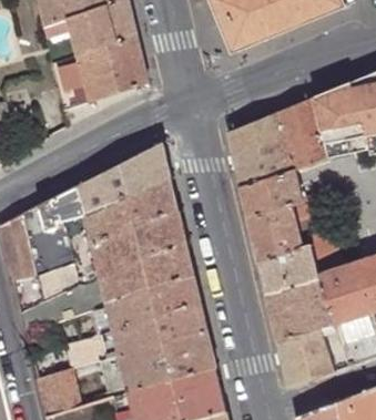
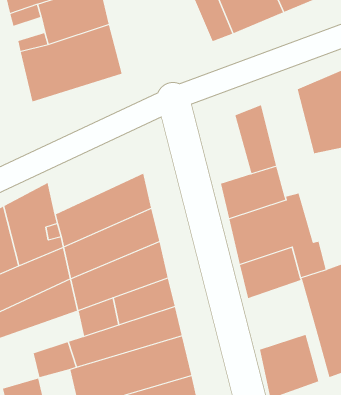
building: [281,98,329,170] -> none
building: [230,122,271,186] -> none
building: [80,142,170,215] -> none
building: [267,277,332,342] -> none

